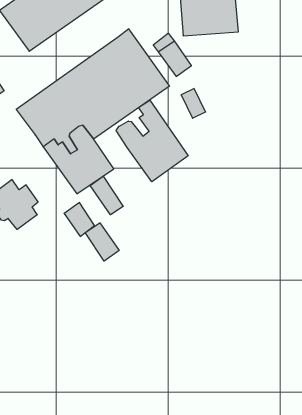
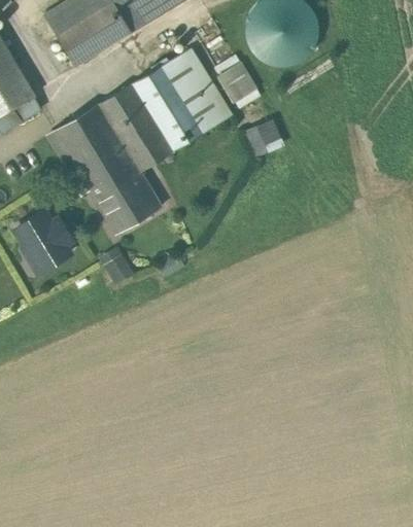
building: [116,100,188,182] -> none
building: [90,176,123,215] -> none
building: [85,223,119,261] -> none

